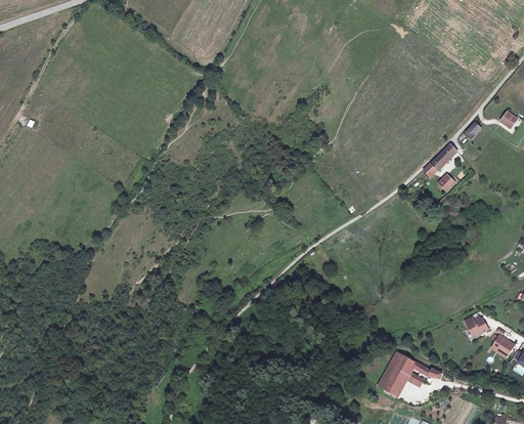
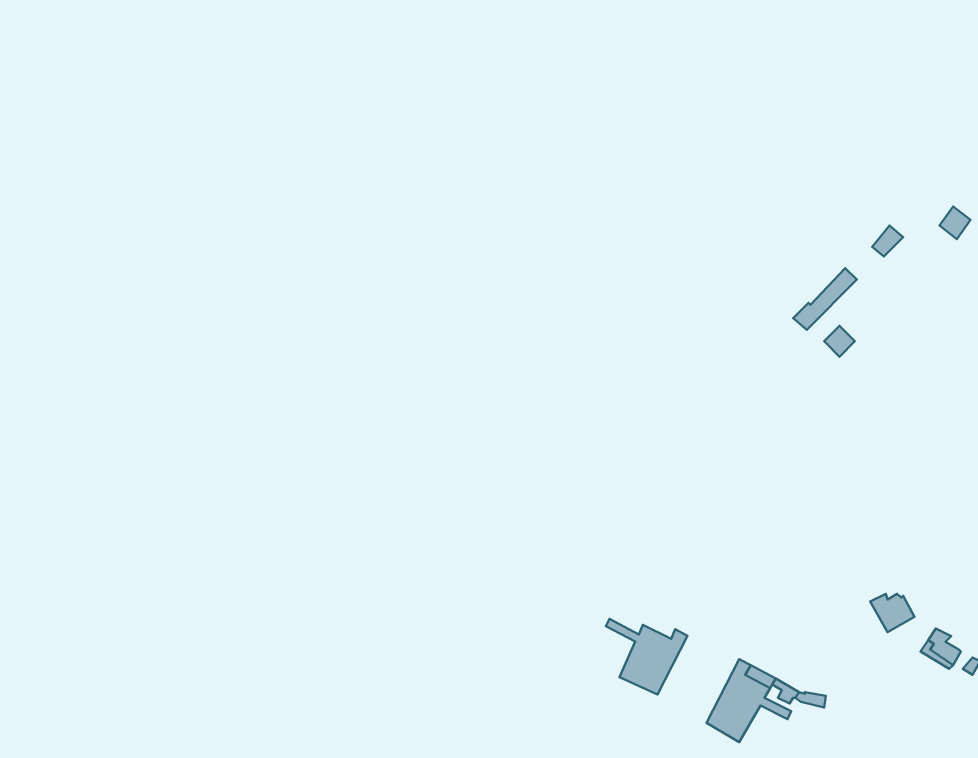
building: none -> [606,619,688,695]

